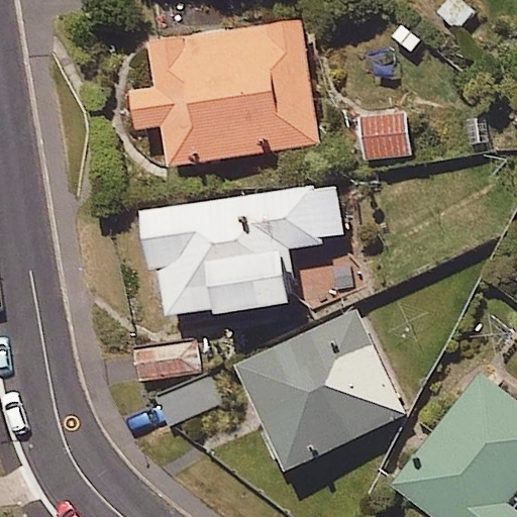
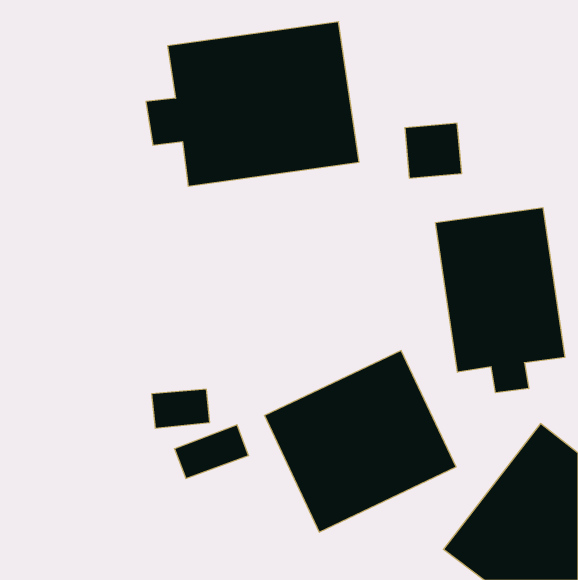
building: none -> [436,208,565,393]
building: [140,184,342,322] -> none

